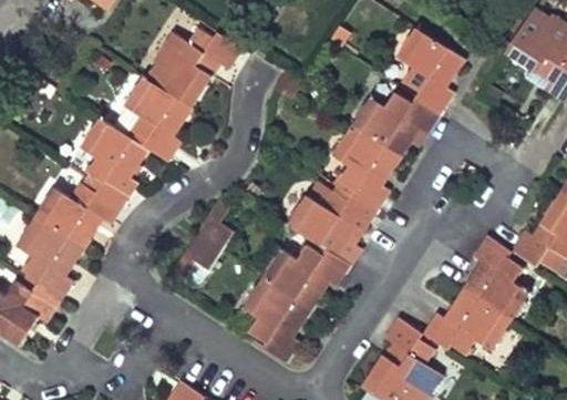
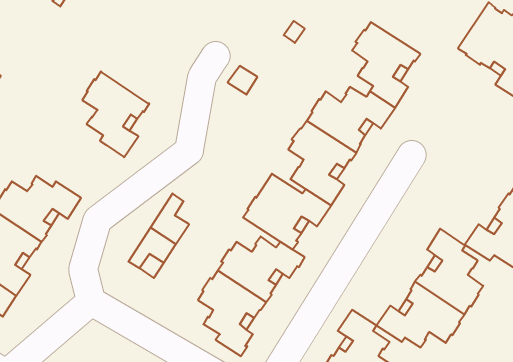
building: [146,28,244,109] -> none
building: [82,119,151,204] -> none

